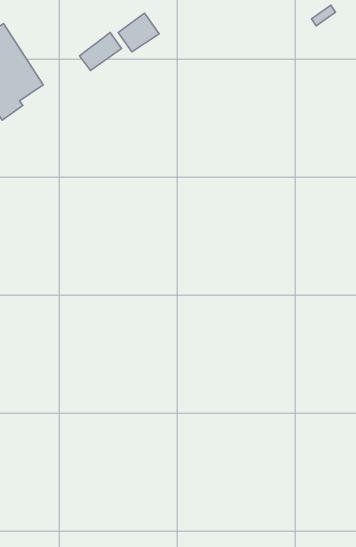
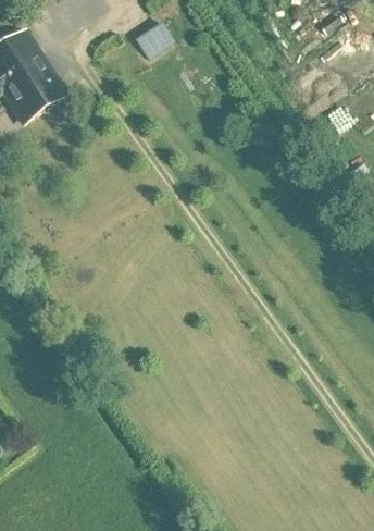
building: [80,33,122,70] -> none

